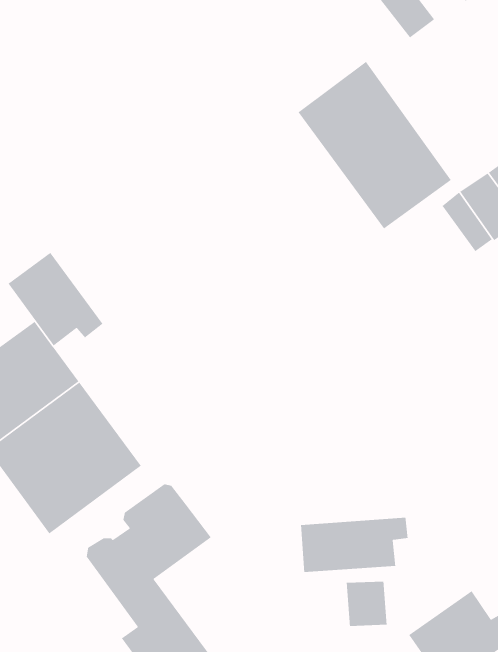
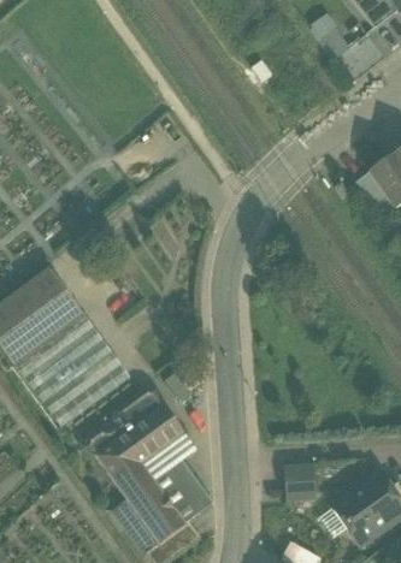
building: [297,61,452,229] -> none
building: [8,252,104,346] -> none
building: [300,517,408,573] -> none

